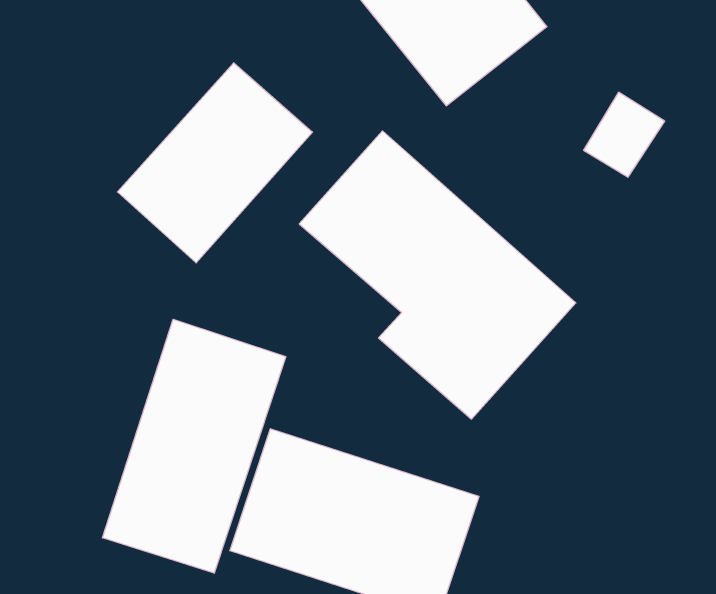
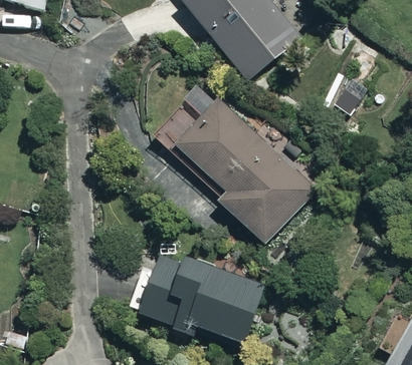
building: [117,63,313,263] -> none
building: [102,319,286,573] -> none

